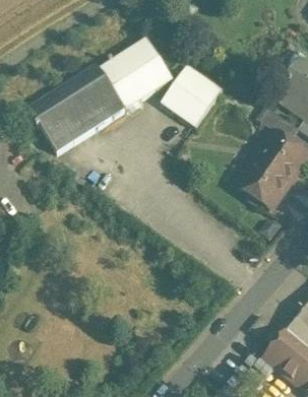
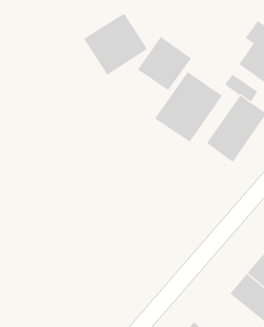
building: [28,63,126,151] -> none
building: none -> [154,71,223,143]

